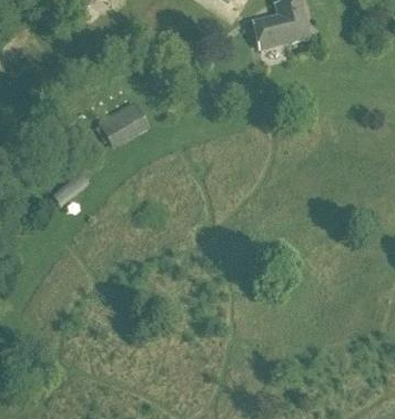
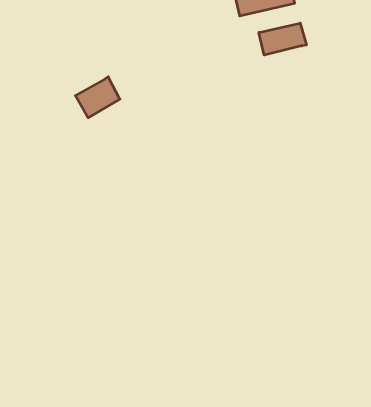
building: none -> [259,23,306,55]

